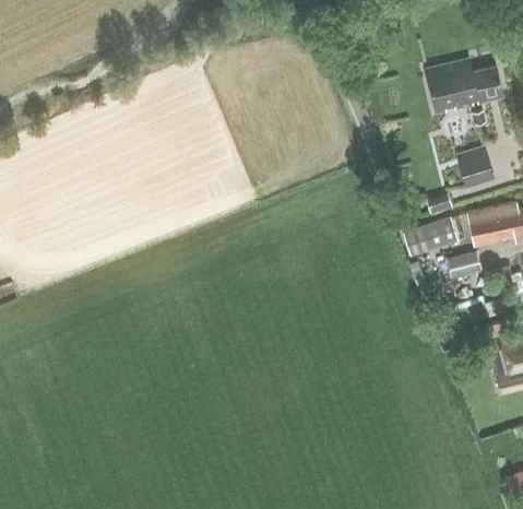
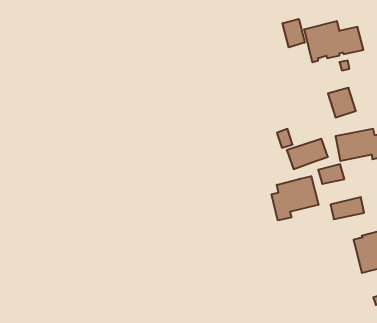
building: none -> [283,19,305,47]
building: none -> [272,176,318,220]

